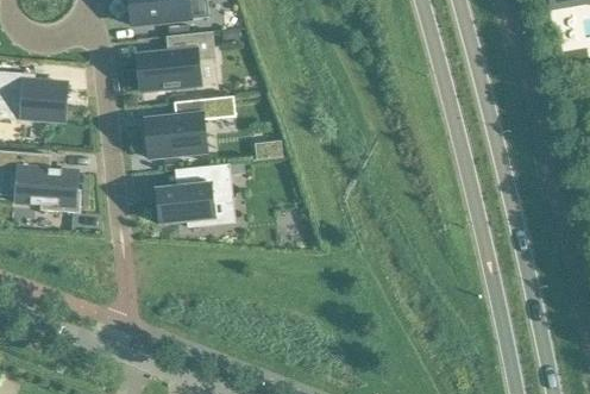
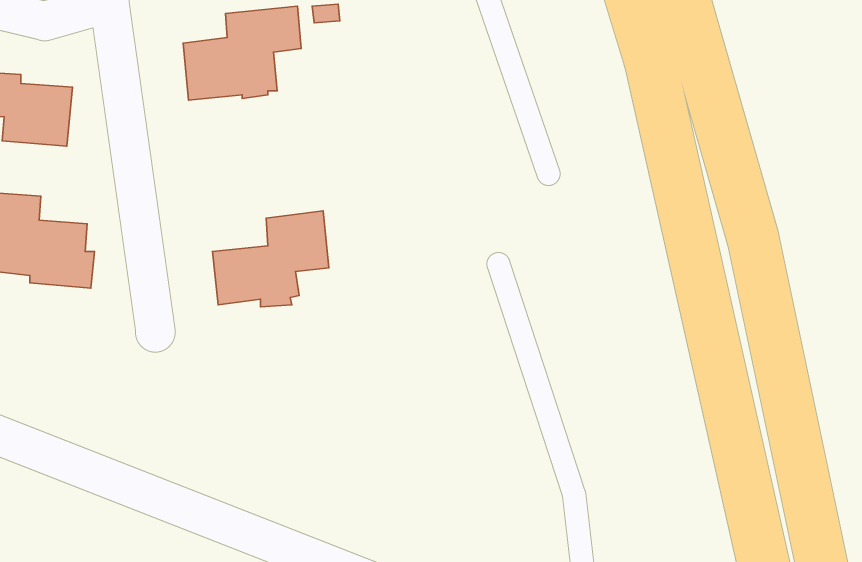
building: [144,96,233,157] -> none

